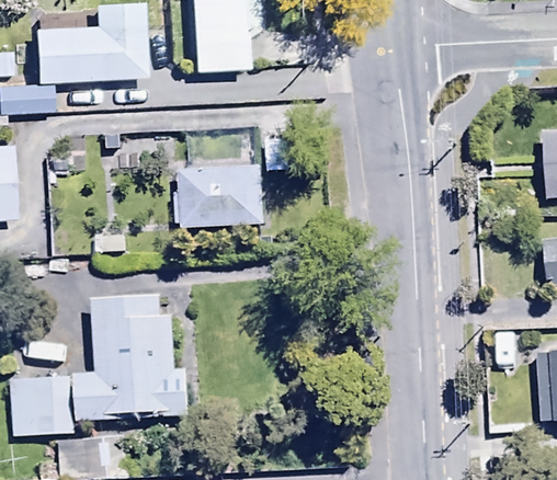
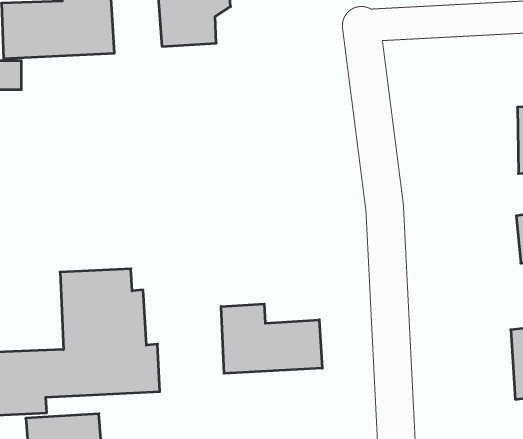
building: [172,164,263,228] -> none
building: none -> [221,304,322,373]

